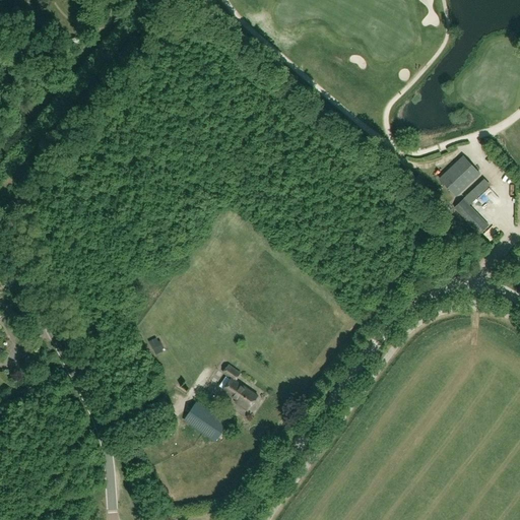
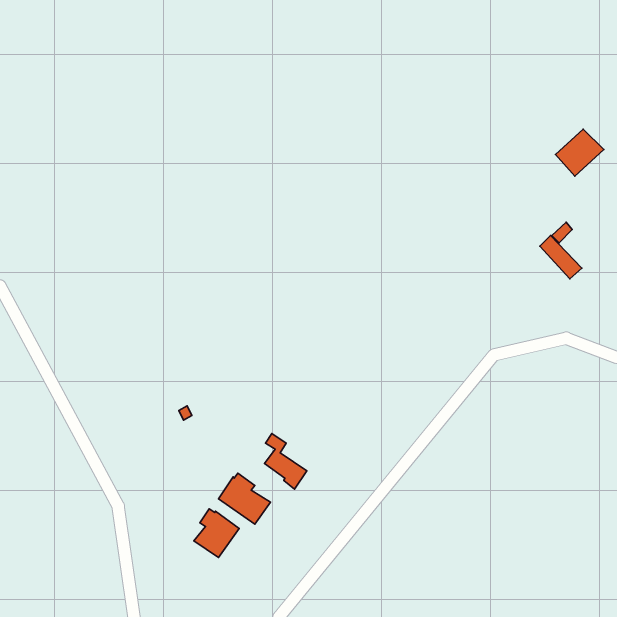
building: [440,156,480,196] -> [556,129,604,176]
building: none -> [194,509,239,558]

